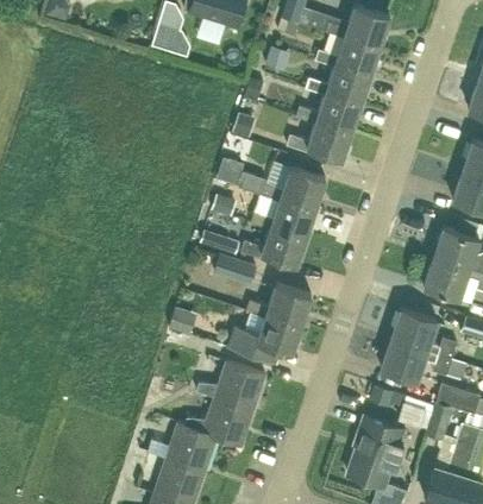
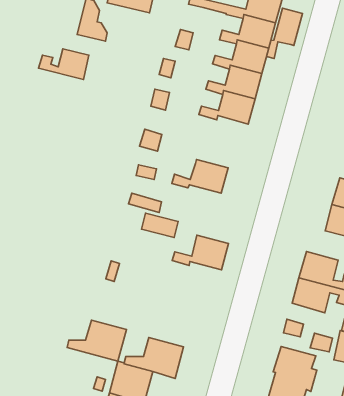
building: none -> [267,8,303,59]
building: none -> [39,49,89,80]
building: [238,168,326,209] -> none
building: [242,226,307,266] -> none
building: [230,314,302,364] -> none
building: [196,363,265,411] -> [67,320,126,361]

